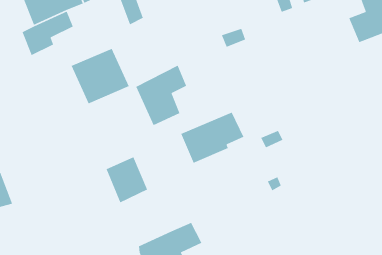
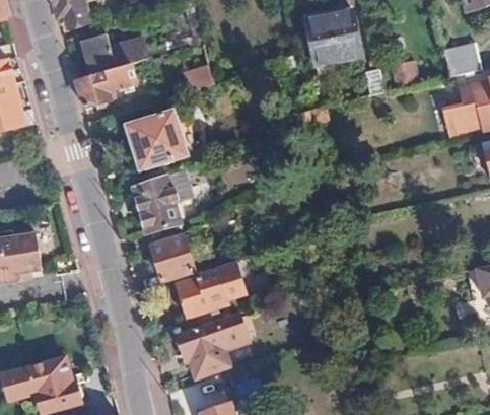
building: [135,65,187,126] -> [134,167,192,232]
building: [180,112,245,164] -> [176,265,247,318]

